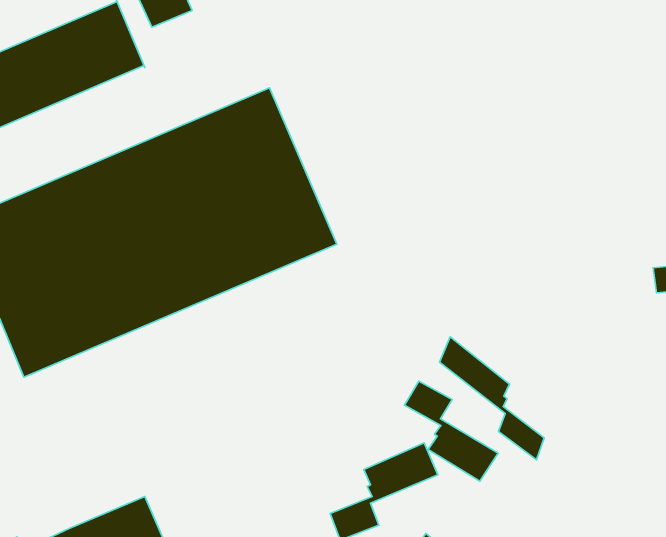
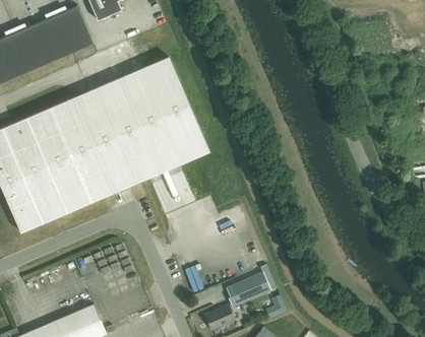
building: [439,337,544,460] -> none
building: [405,381,498,481] -> none

